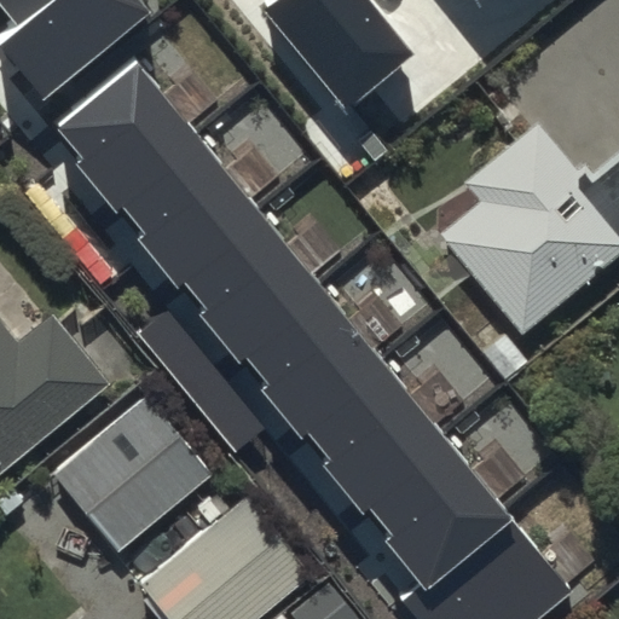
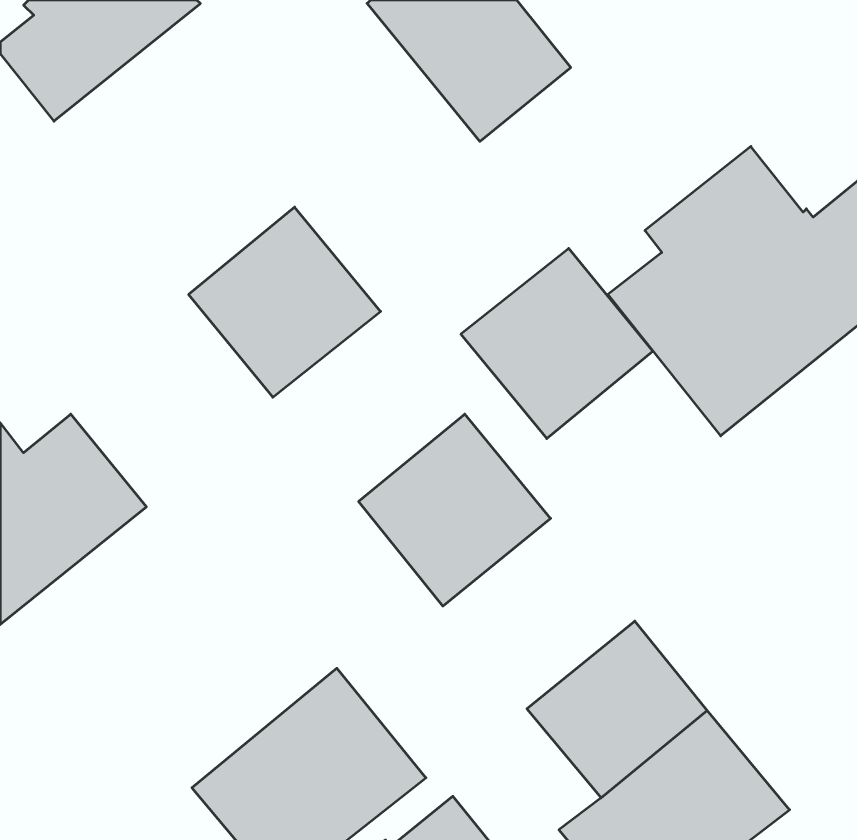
building: [62,71,214,226] -> none
building: [198,238,336,375] -> [461,248,653,439]
building: [320,387,458,523] -> none
building: [51,388,249,553] -> none

